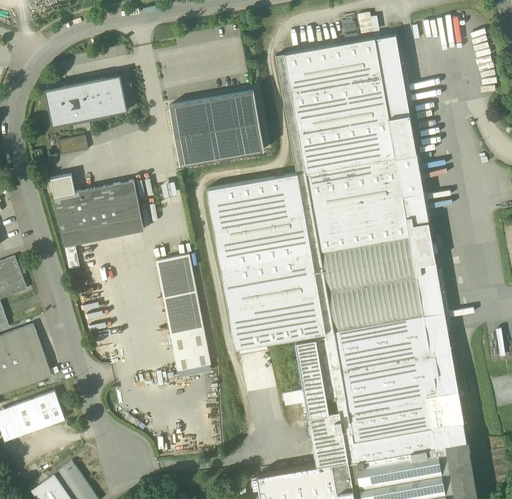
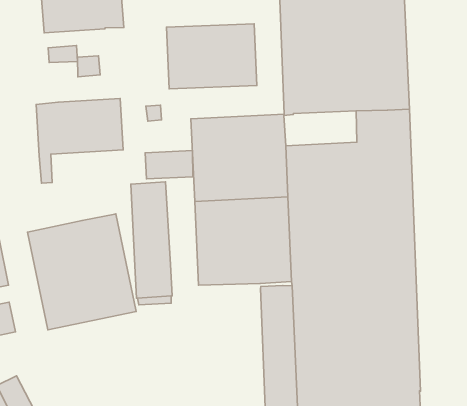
building: [294,161,368,204] -> none
building: [51,175,75,198] -> [78,56,100,77]
building: none -> [145,150,193,179]
building: none -> [28,214,136,330]

